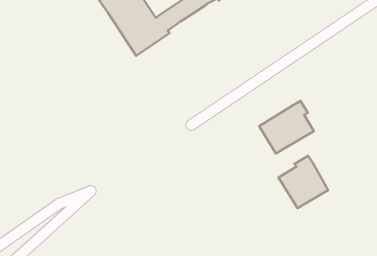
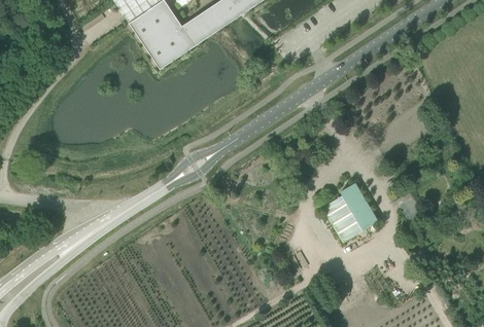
building: [259,101,314,154] -> none

